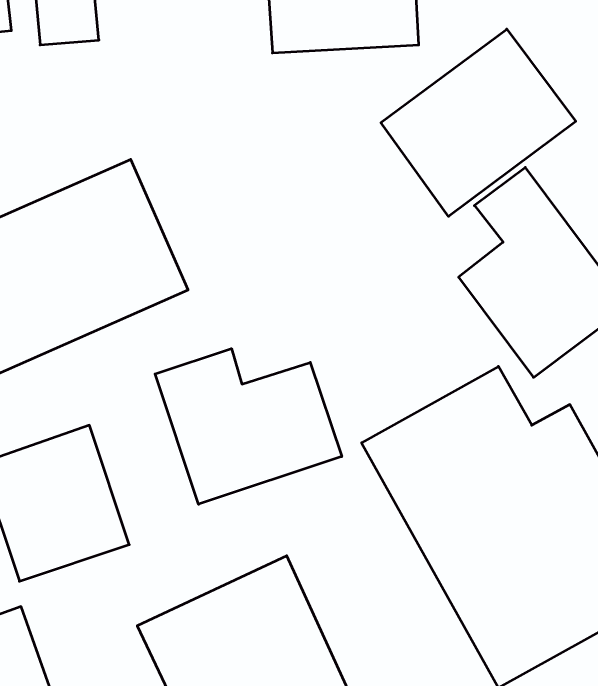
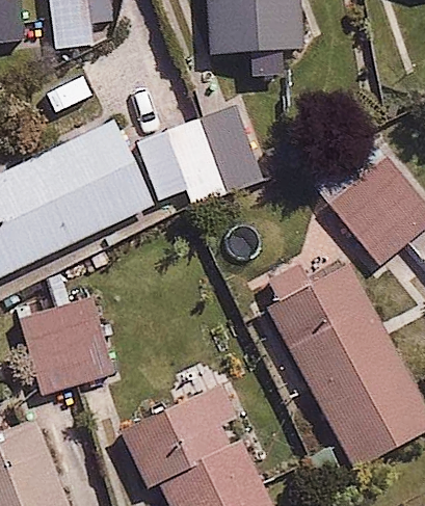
building: [381,29,576,216] -> none
building: none -> [140,105,264,208]
building: [155,349,342,504] -> none

